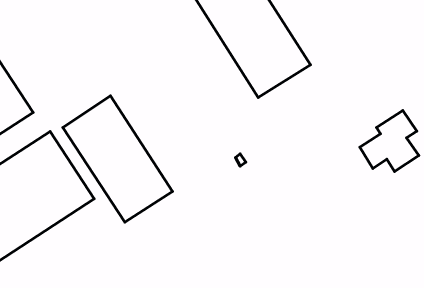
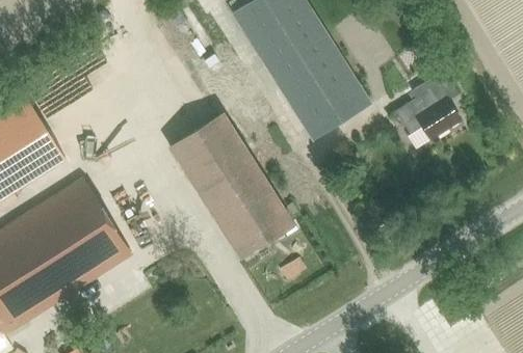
building: [63,96,172,222] -> [171,113,292,253]
building: [360,111,419,171] -> [393,75,459,142]

